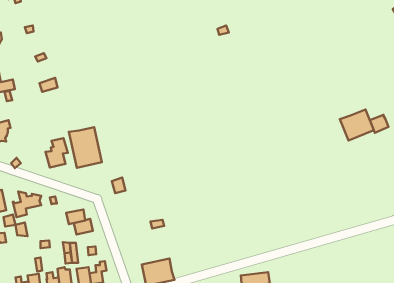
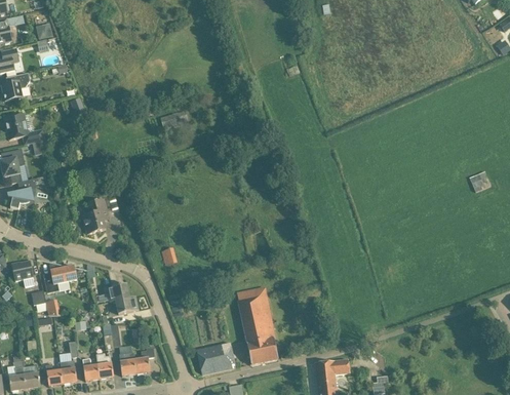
building: [340,109,374,141] -> none
building: [69,127,102,168] -> none
building: none -> [236,286,277,363]

